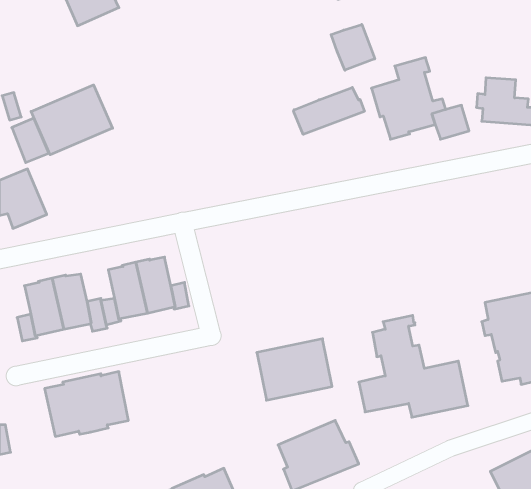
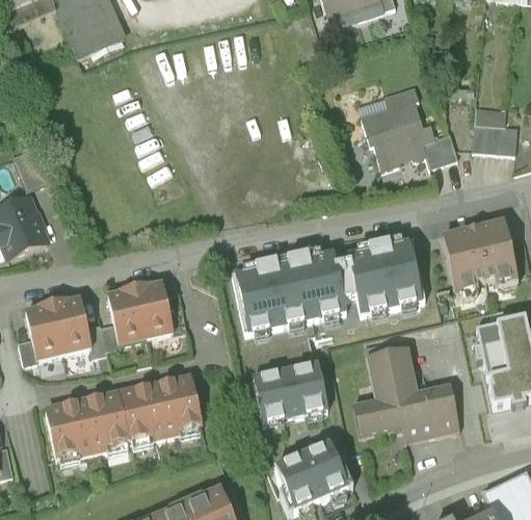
building: [331,24,375,70] -> none
building: [31,85,113,155] -> none
building: [294,87,364,134] -> none
building: none -> [443,219,516,290]
building: none -> [232,239,424,333]
building: none -> [117,379,202,442]

